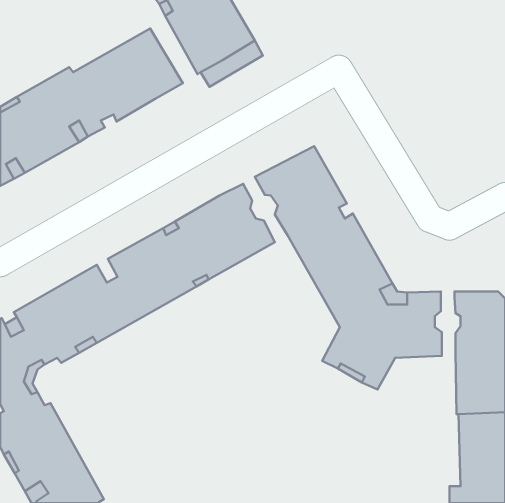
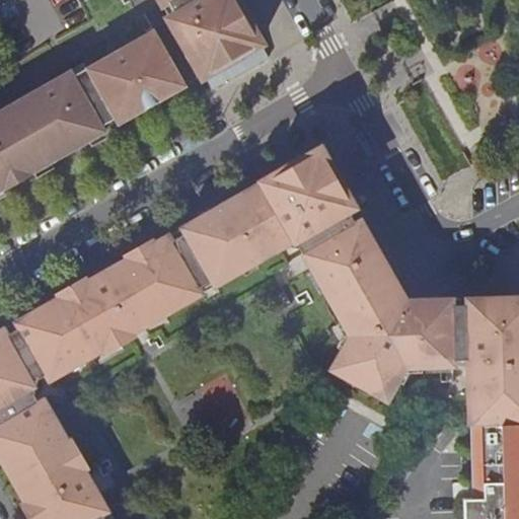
building: none -> [249,181,295,248]
building: none -> [446,304,472,361]

